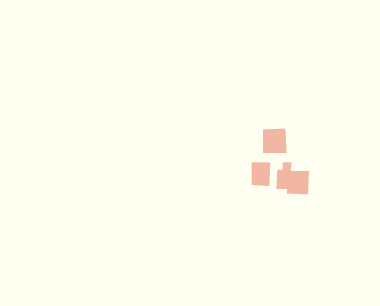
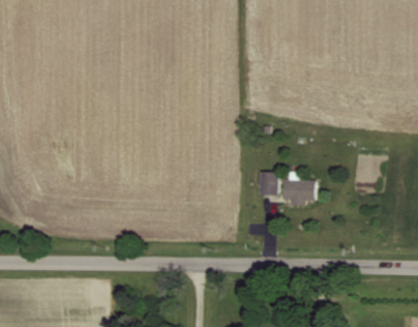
building: [262,128,287,154] -> none

